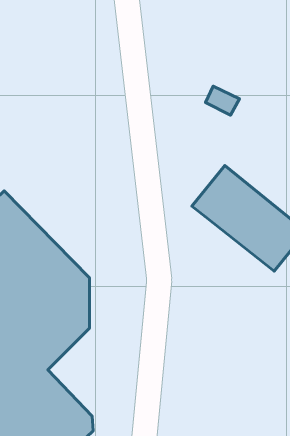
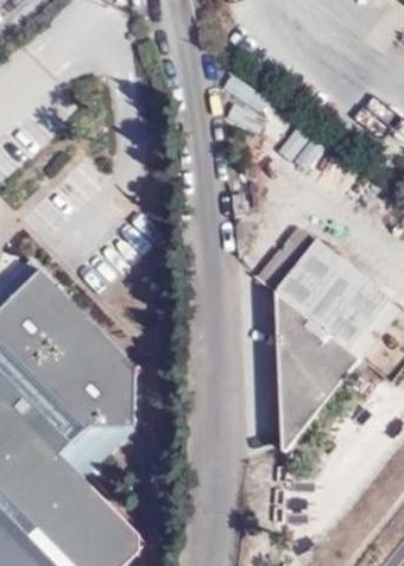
building: none -> [276,290,367,449]

